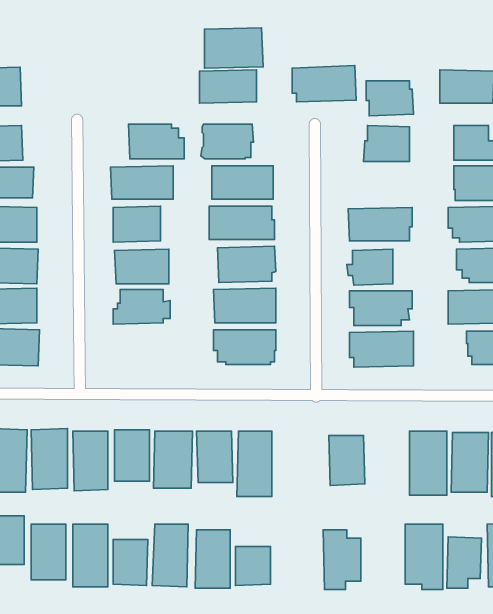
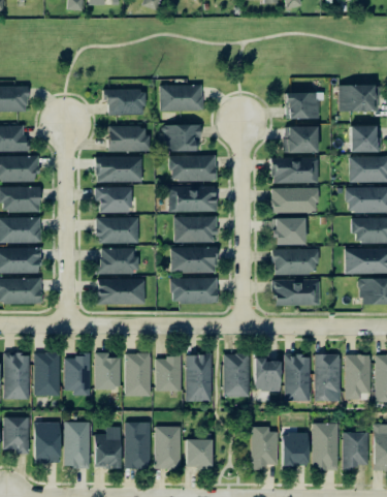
building: [205,28,263,68] -> [103,87,147,117]
building: [292,66,356,102] -> [270,156,318,183]
building: none -> [95,278,144,305]
building: none -> [226,353,252,399]
building: none -> [286,353,313,402]
building: none -> [283,433,309,471]

